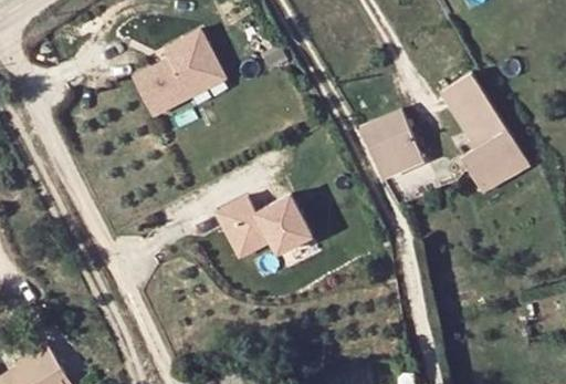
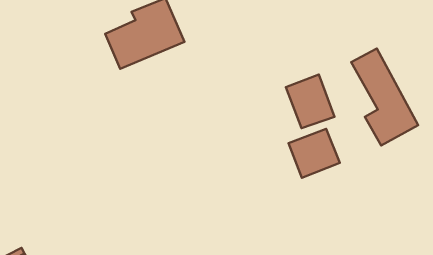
building: none -> [289,129,340,178]
building: [218,196,312,257] -> none

